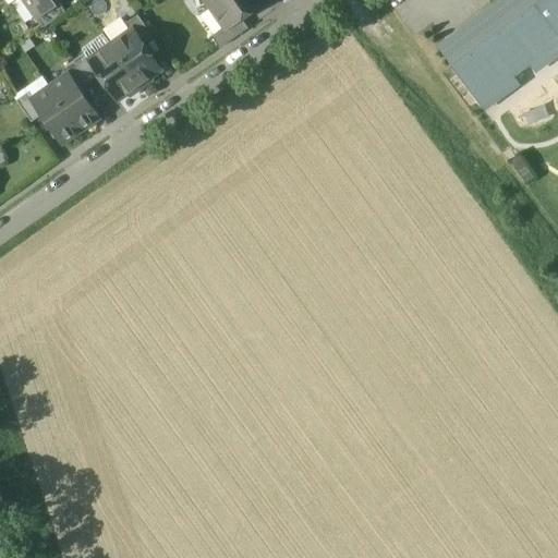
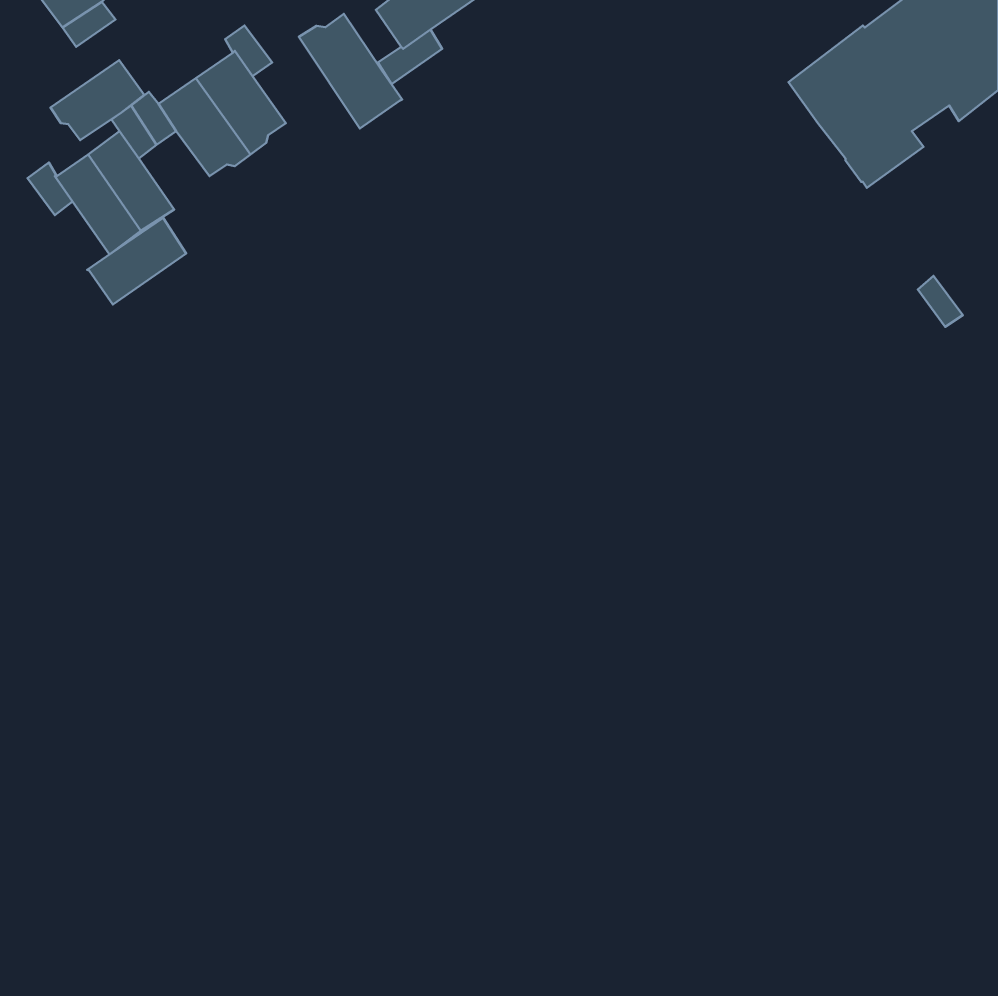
building: none -> [299,14,402,128]
building: none -> [51,60,144,140]
building: none -> [87,218,186,304]

